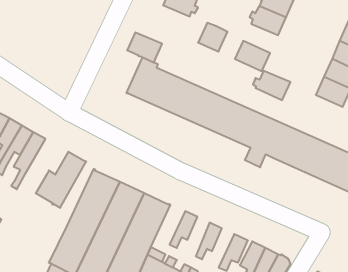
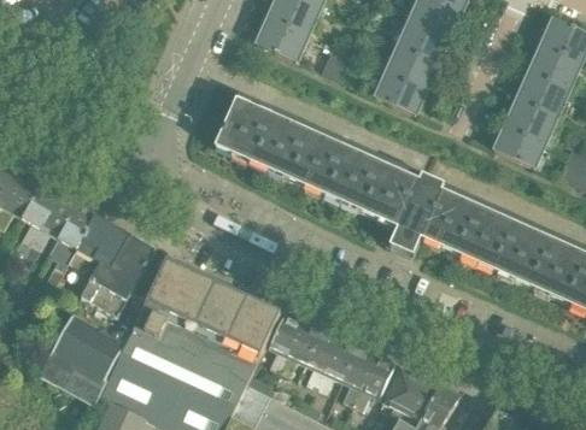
building: [127,32,162,62] -> [257,16,309,60]
building: [253,71,290,100] -> [383,43,439,87]
building: none -> [66,213,129,267]
building: none -> [39,312,127,405]
building: none -> [268,312,301,370]
building: none -> [305,329,338,387]
building: none -> [341,346,374,404]

